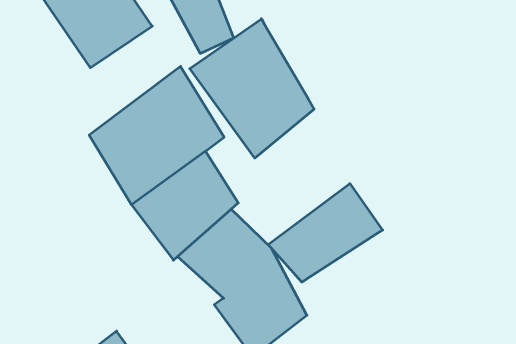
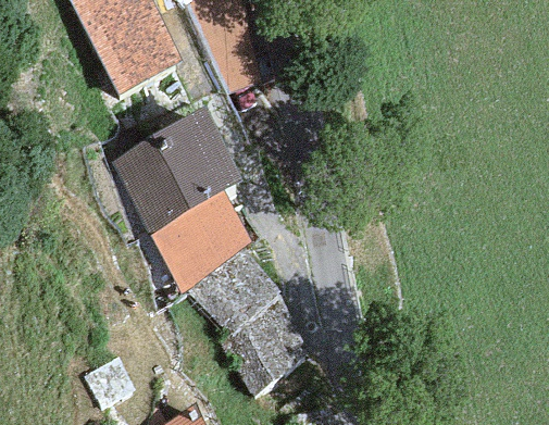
building: [190,19,314,158] -> none
building: [268,184,383,282] -> none

